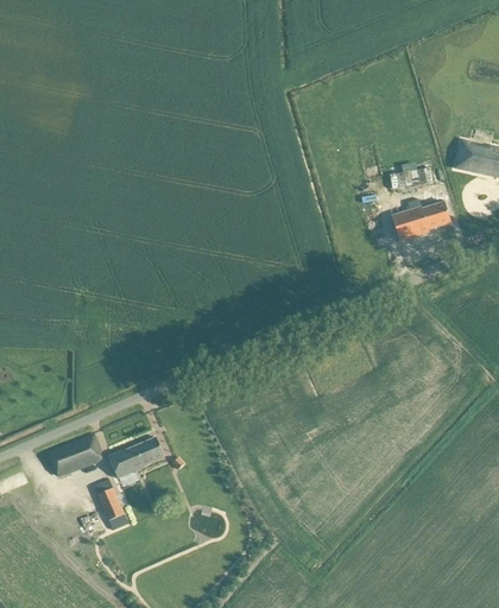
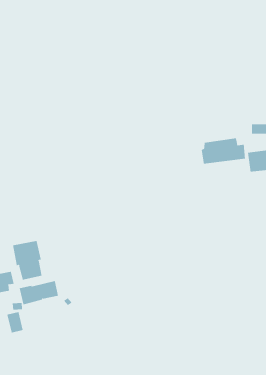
building: none -> [201,138,245,165]
building: none -> [12,240,42,281]

